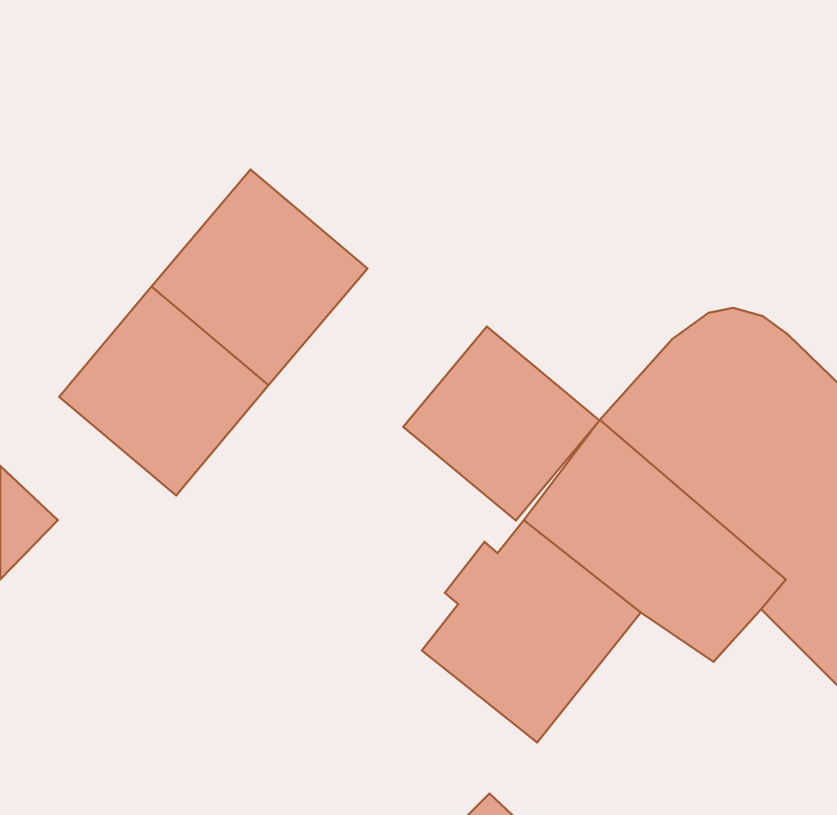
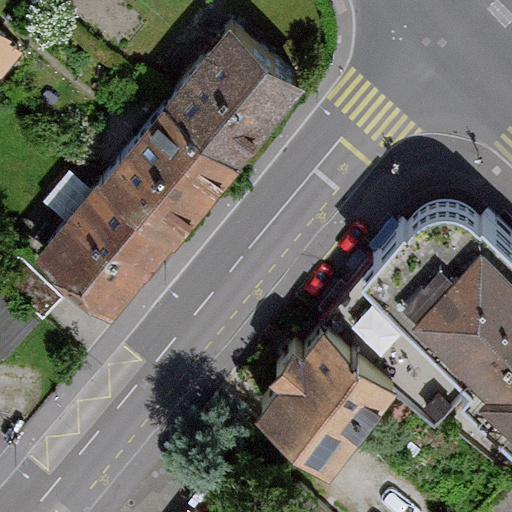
building: none -> [155,27,304,179]
building: [403,327,599,520] -> none

